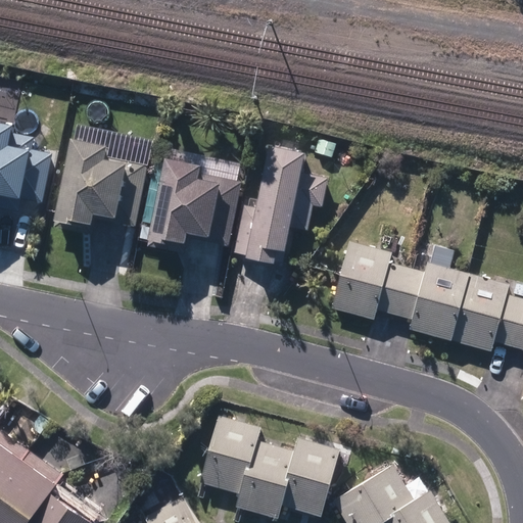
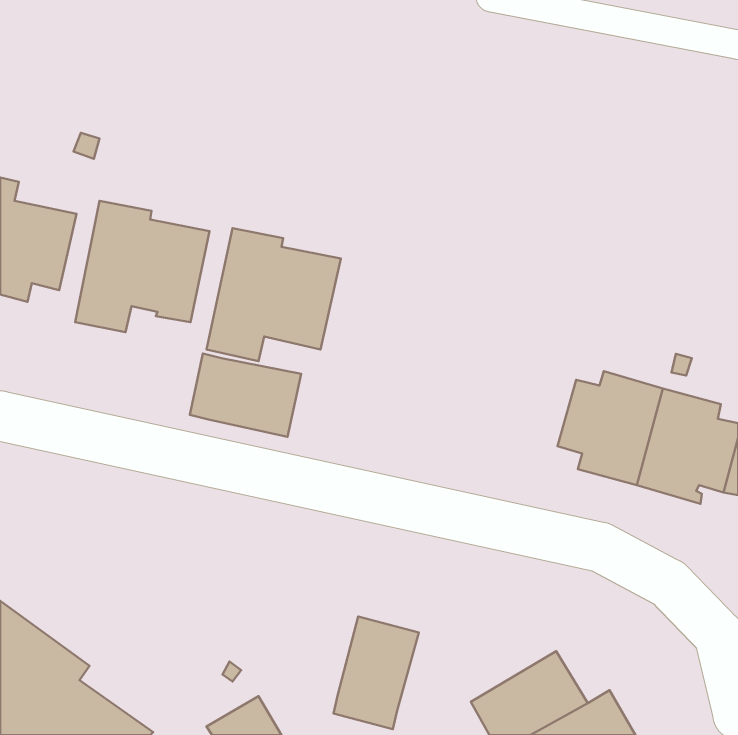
building: [235,149,328,267] -> none
building: [331,242,408,322] -> none
building: none -> [190,354,301,437]
building: [198,412,257,491] -> none
building: [281,435,339,514] -> none

